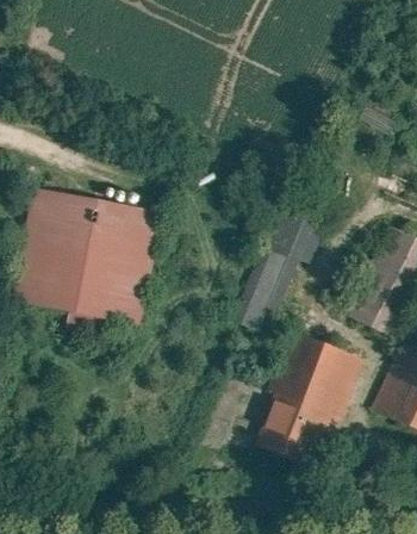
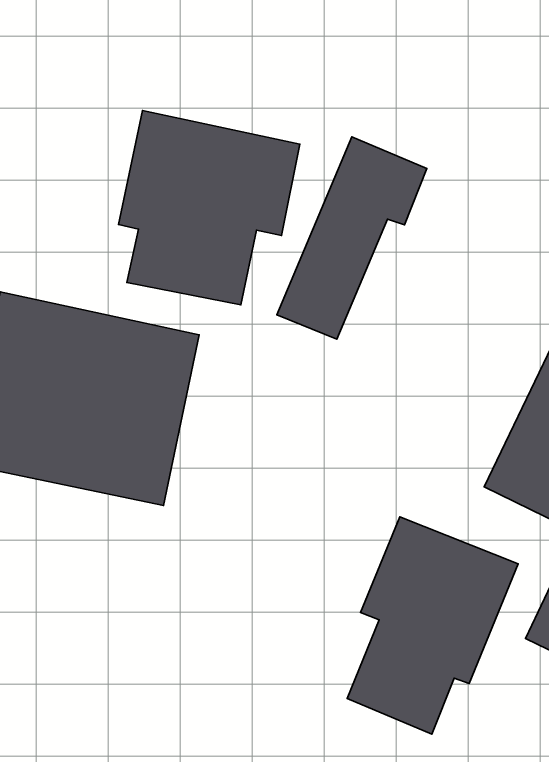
building: none -> [119,111,300,305]
building: [231,209,326,337] -> [277,137,427,339]

